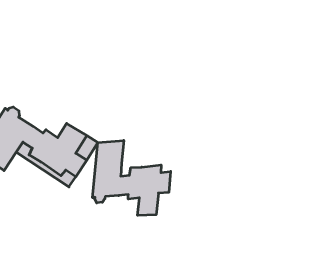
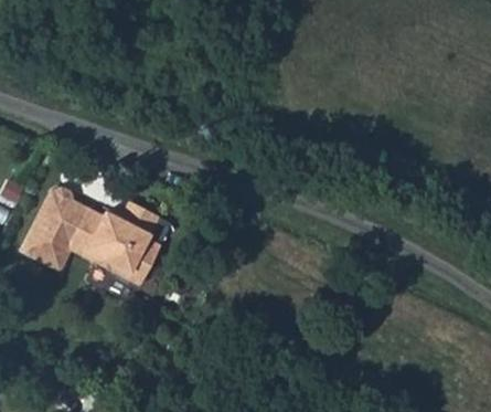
building: [93,140,171,215] -> none

